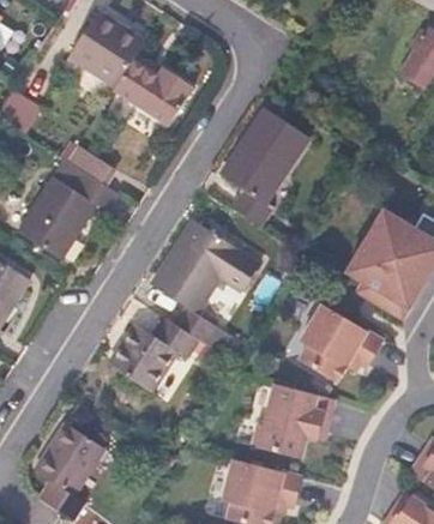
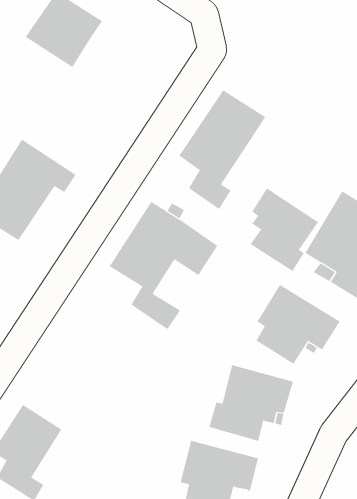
building: [113,59,193,125] -> none
building: none -> [250,187,319,272]
building: [108,315,199,392] -> none

